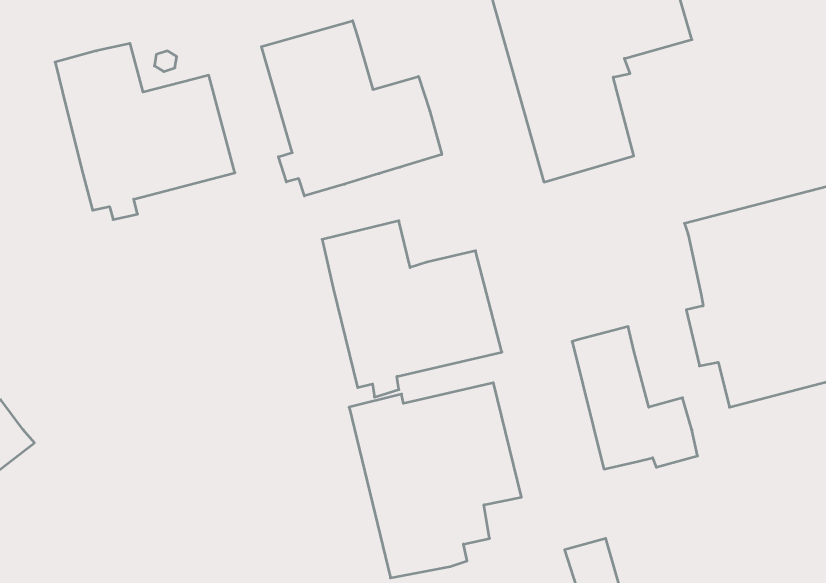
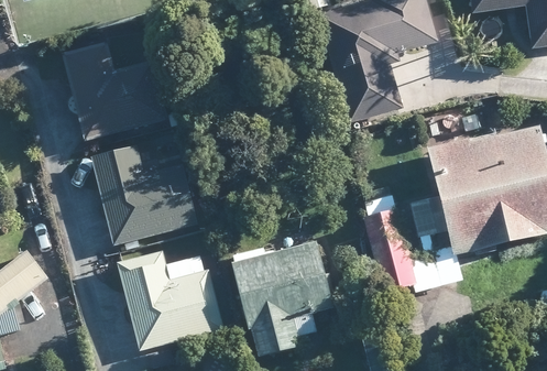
building: [261,21,442,196] -> none
building: [322,221,502,397] -> [92,146,198,250]
building: none -> [118,252,223,351]

